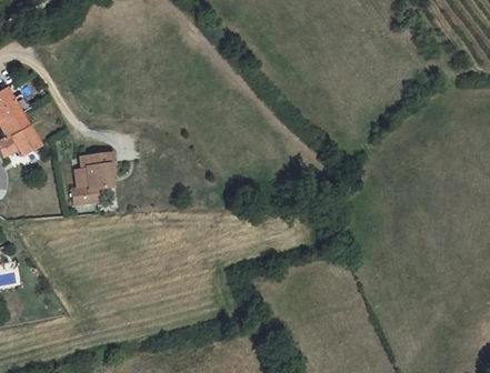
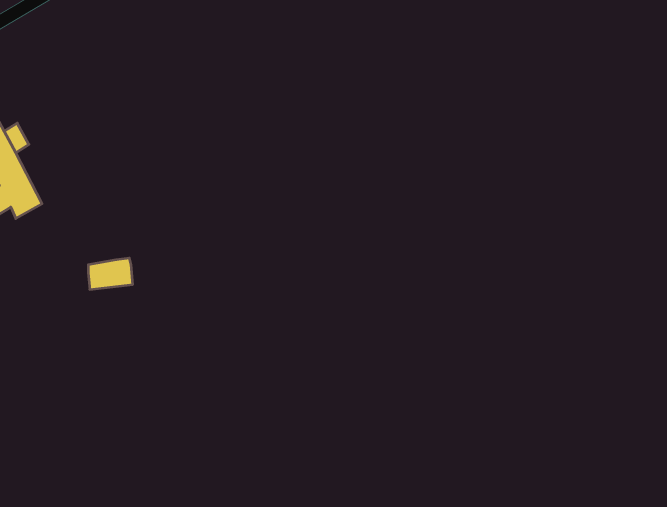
building: [83,152,118,188] -> none

